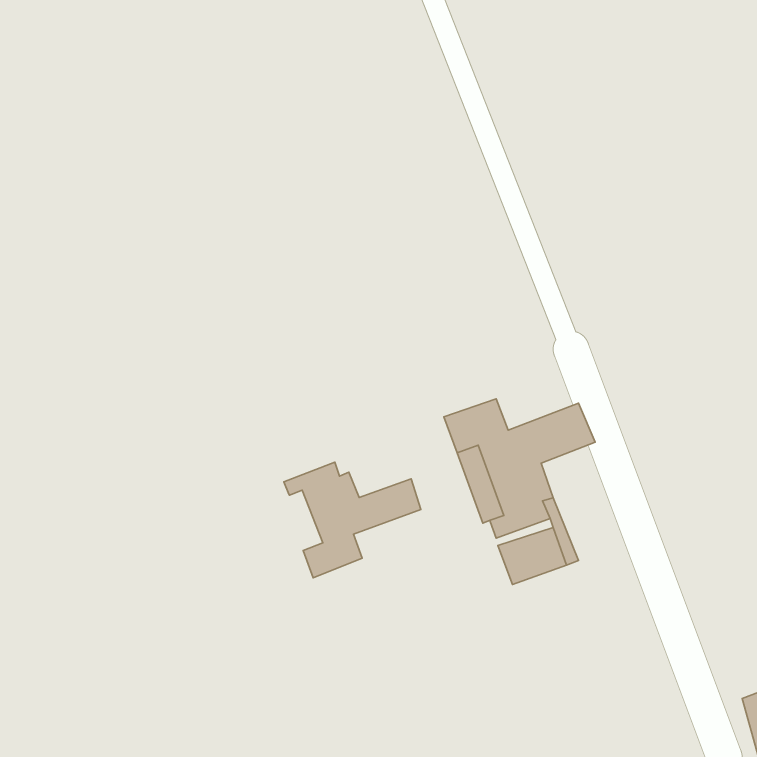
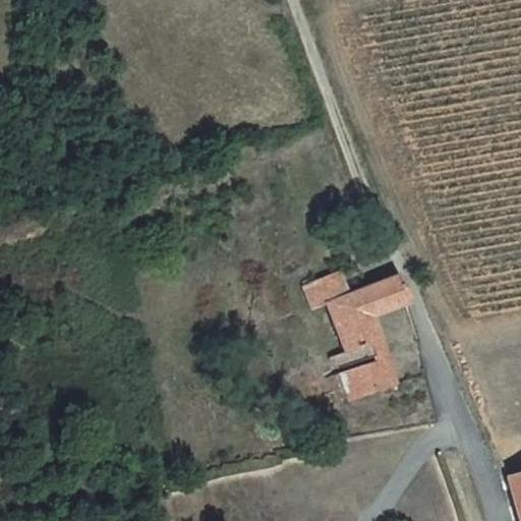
building: [284,462,421,578] -> none

